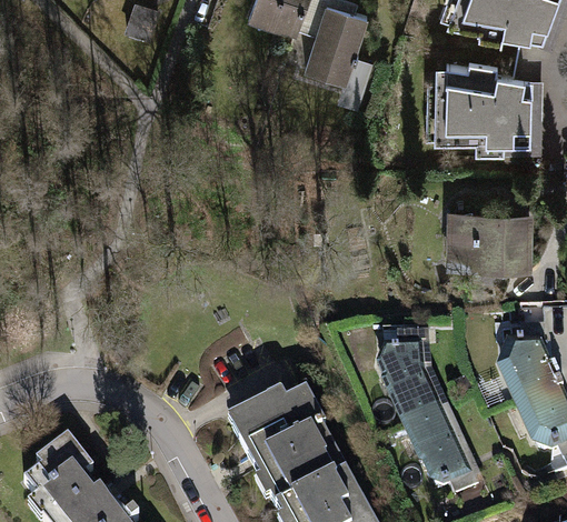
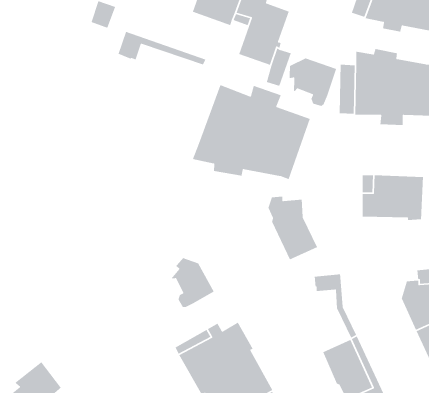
building: none -> [118,31,206,66]
building: none -> [289,58,337,107]
building: none -> [192,84,311,180]
building: none -> [170,257,215,308]
building: [380,351,441,429] -> [267,196,318,261]

